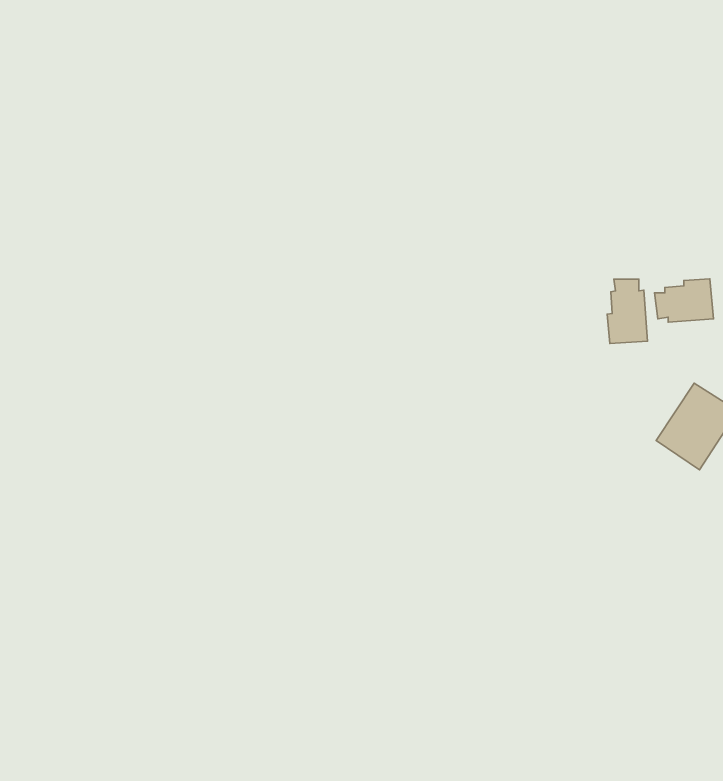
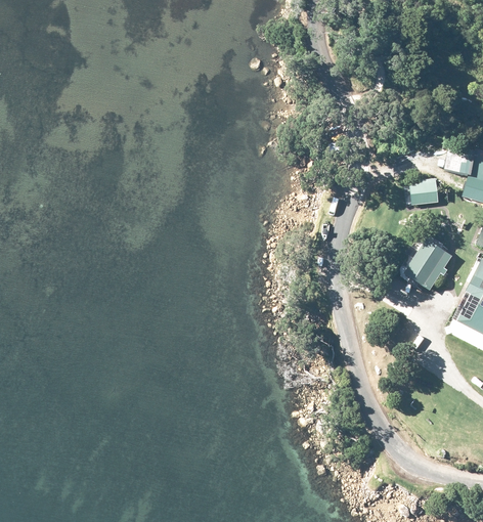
building: [607,279,648,344] -> none

